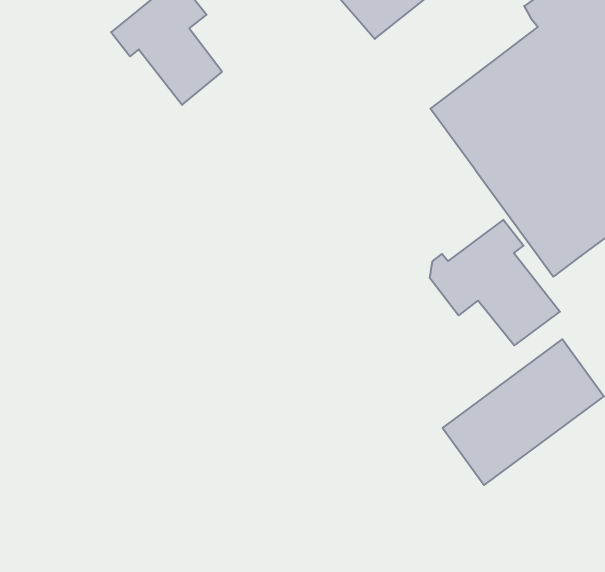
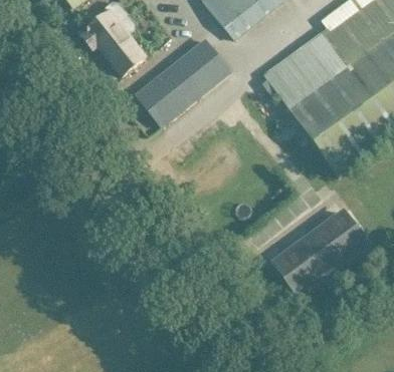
building: none -> [136,39,229,125]
building: [430,220,560,345] -> none

